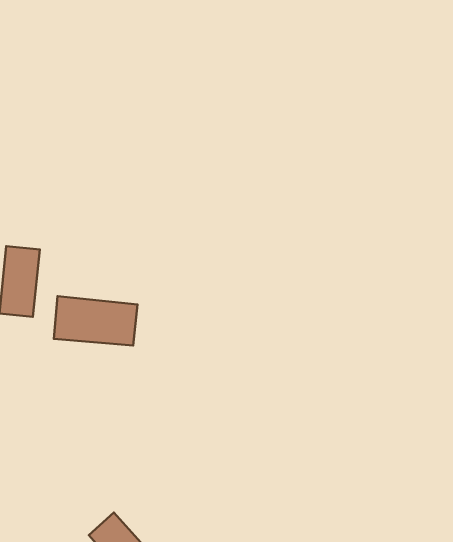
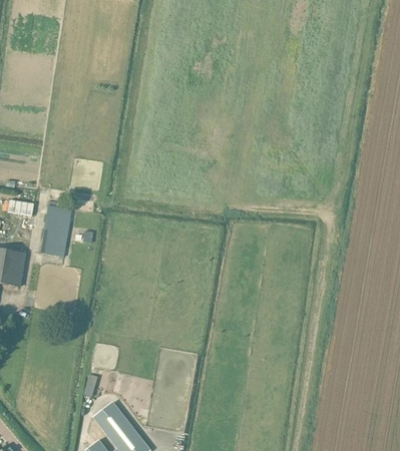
building: [54,296,137,346] -> none

